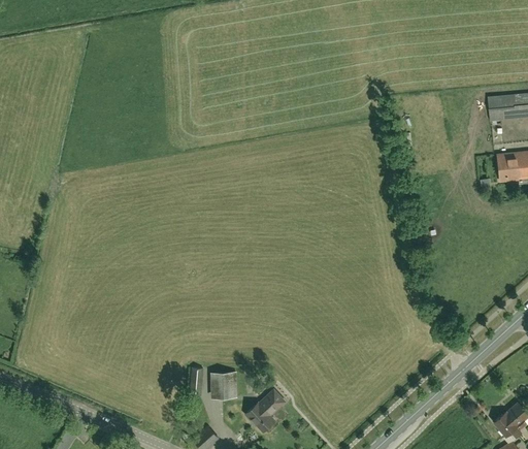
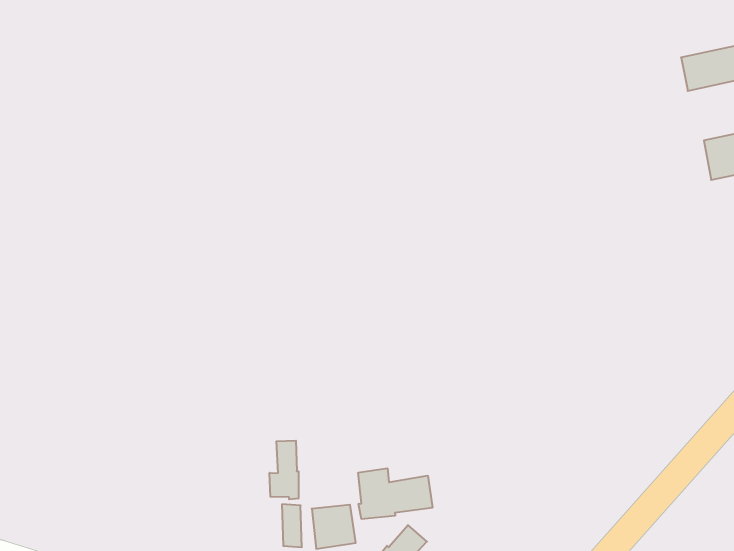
building: none -> [270,441,298,499]
building: none -> [358,468,432,519]

